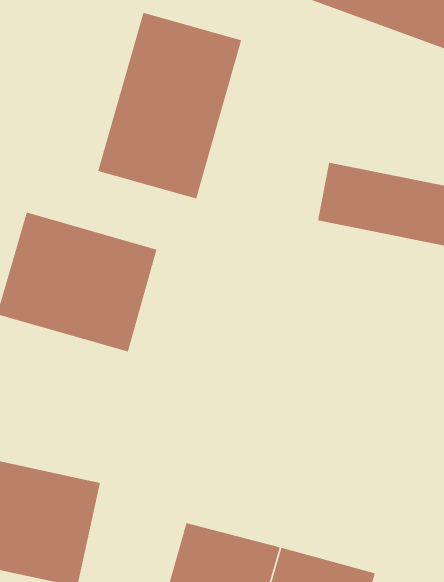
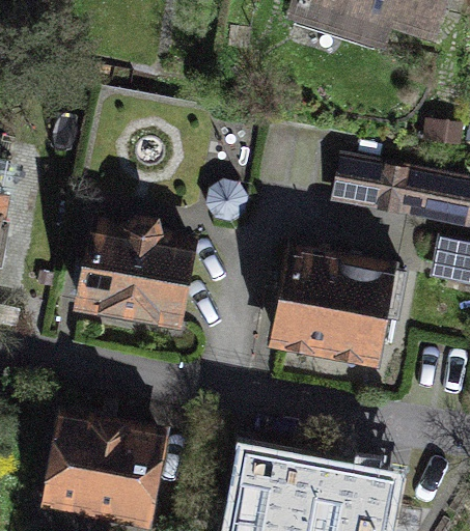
building: [97,12,242,199] -> none
building: none -> [268,246,404,368]

